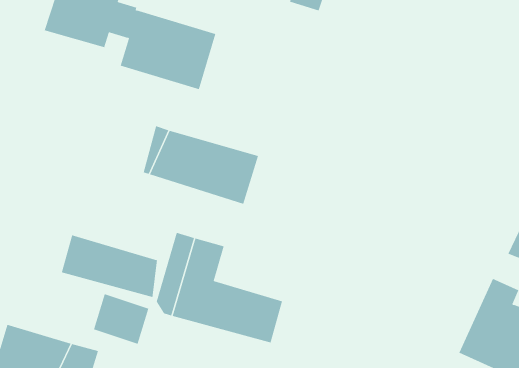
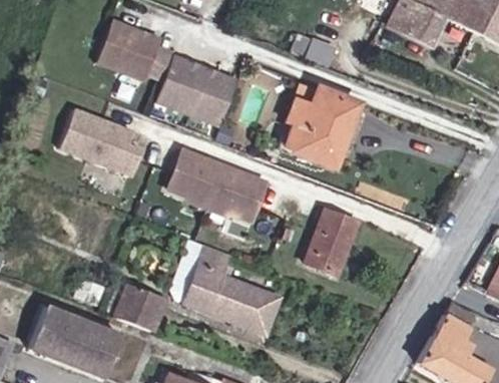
building: none -> [284,92,356,168]
building: none -> [61,103,147,173]
building: none -> [304,215,357,278]
building: [61,234,157,298] -> none

